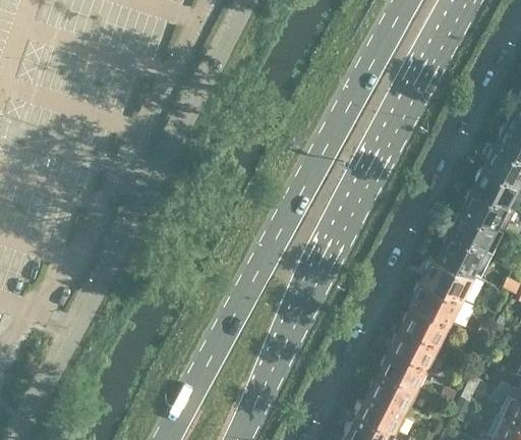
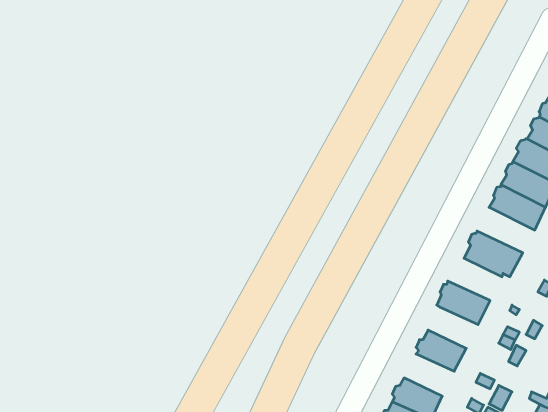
building: [450,215,504,258] -> none
building: [422,263,474,303] -> none
building: [403,309,451,347] -> none
building: [381,352,428,392] -> none

